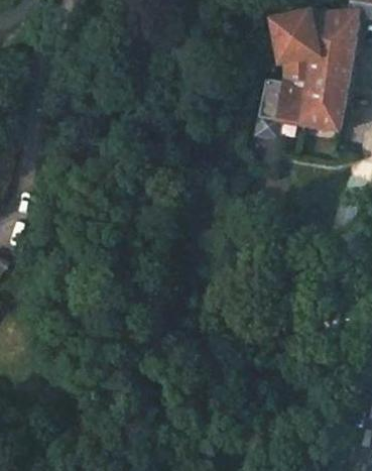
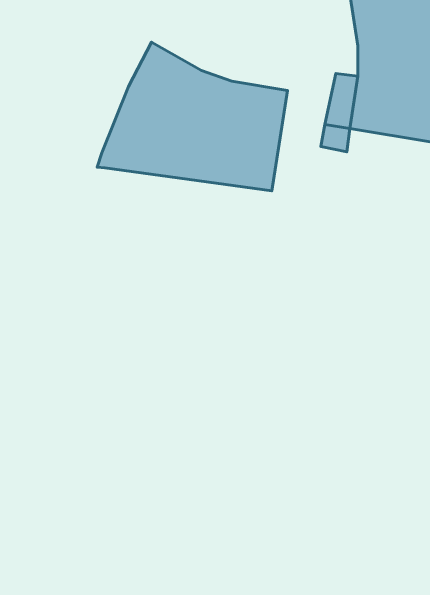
building: none -> [97,42,287,191]

